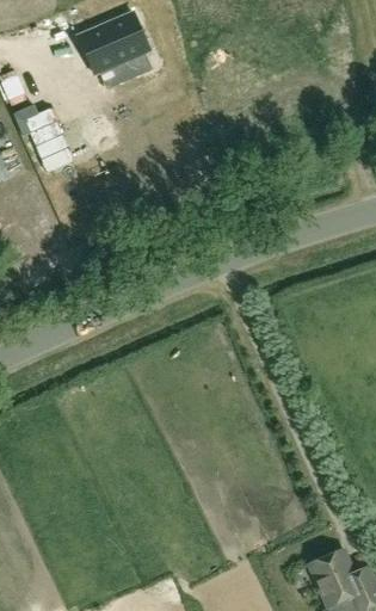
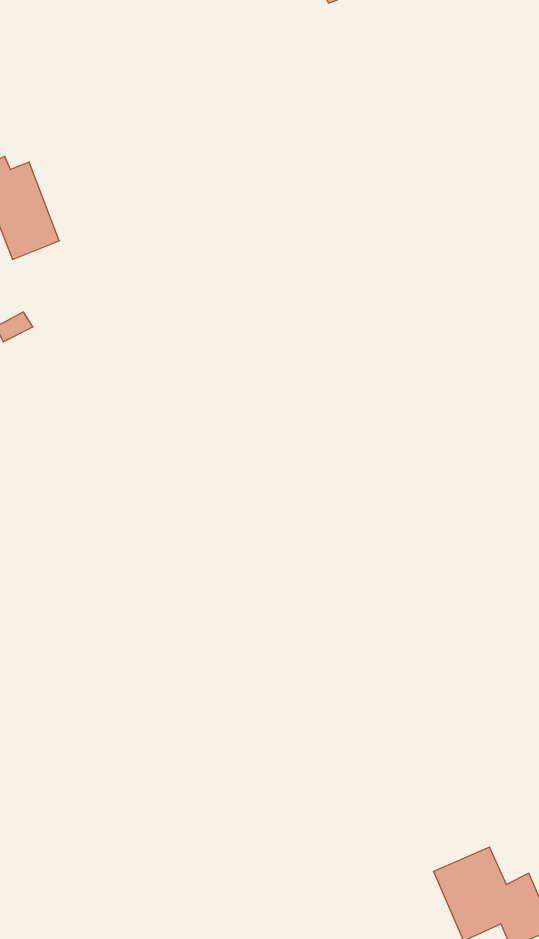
building: [82,24,154,85] -> none

